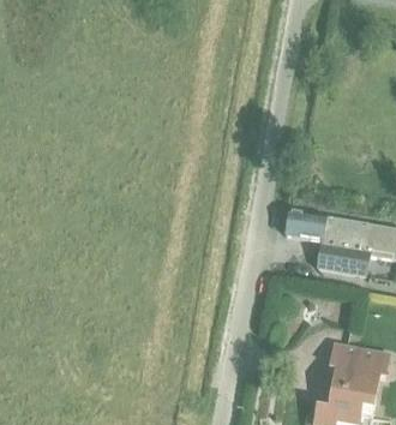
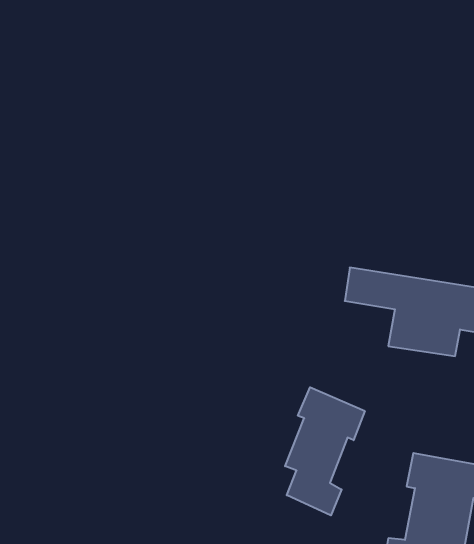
building: none -> [285,387,365,515]

